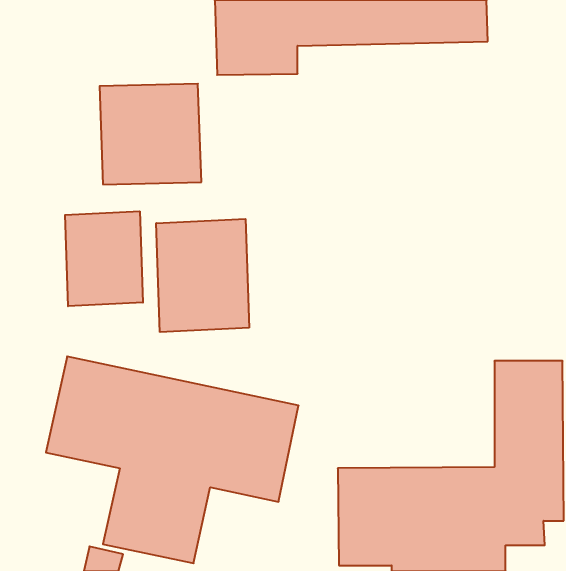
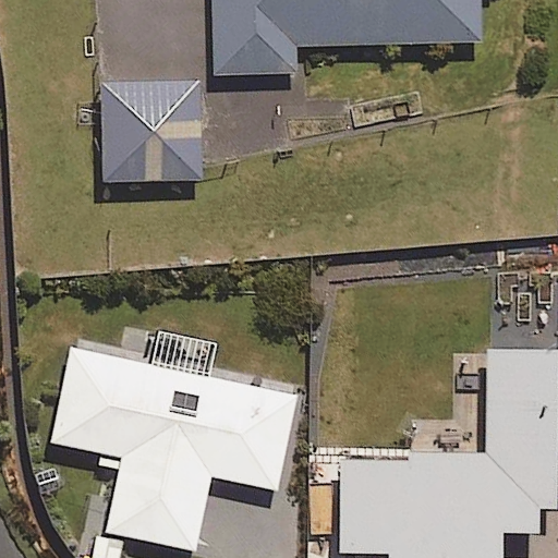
building: [65,211,143,306] -> none
building: [156,219,249,332] -> none

